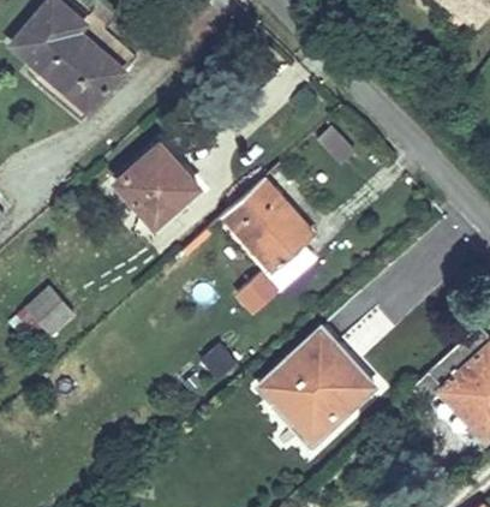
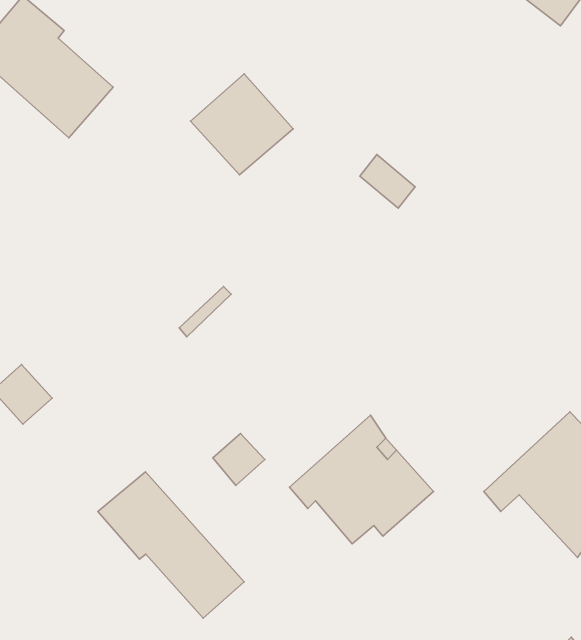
building: [115,147,196,226] -> [191,74,293,175]
building: [222,181,316,316] -> none
building: none -> [98,472,244,618]

